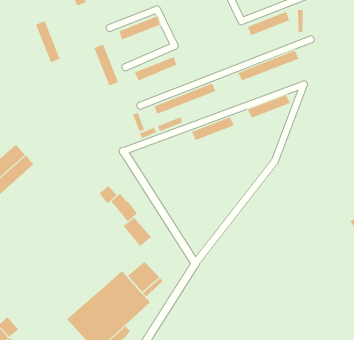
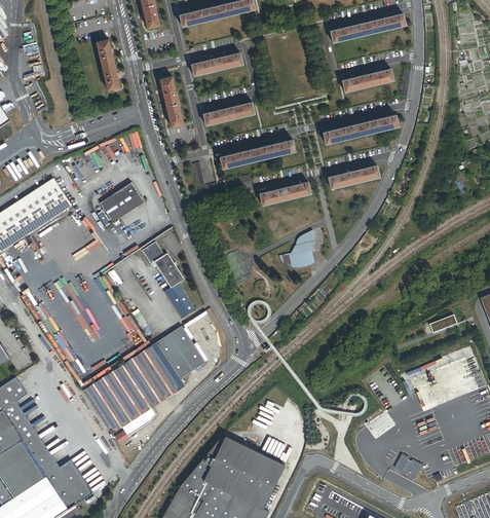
building: none -> [100,182,144,222]
building: none -> [284,230,313,265]

